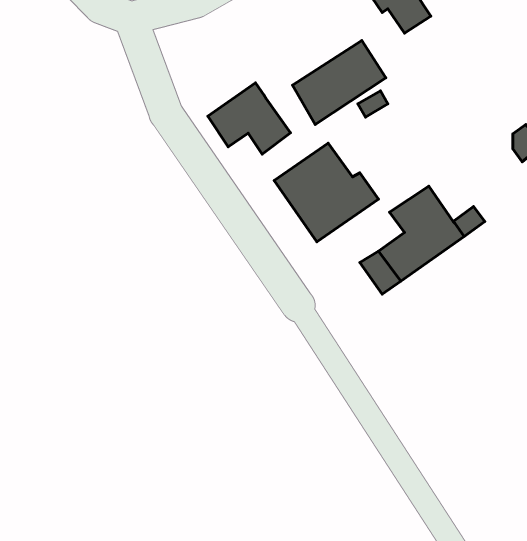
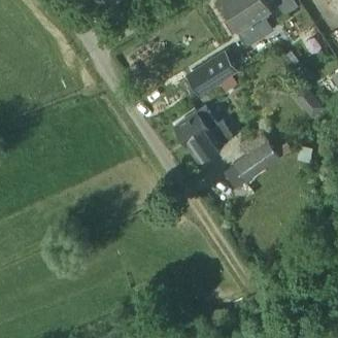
building: [208,83,290,154] -> none

